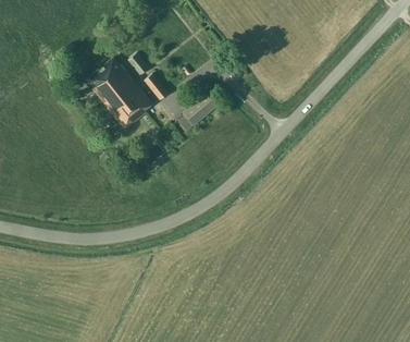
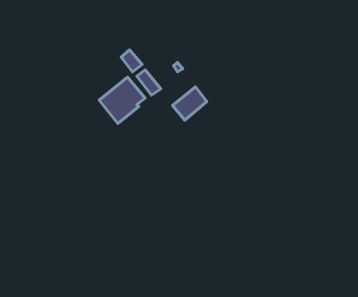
building: [87,58,135,106] -> none

